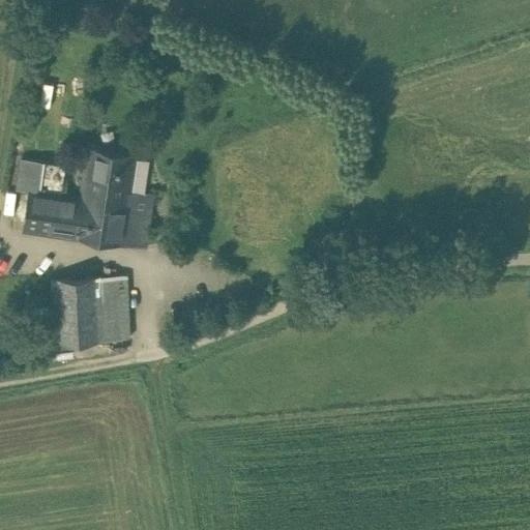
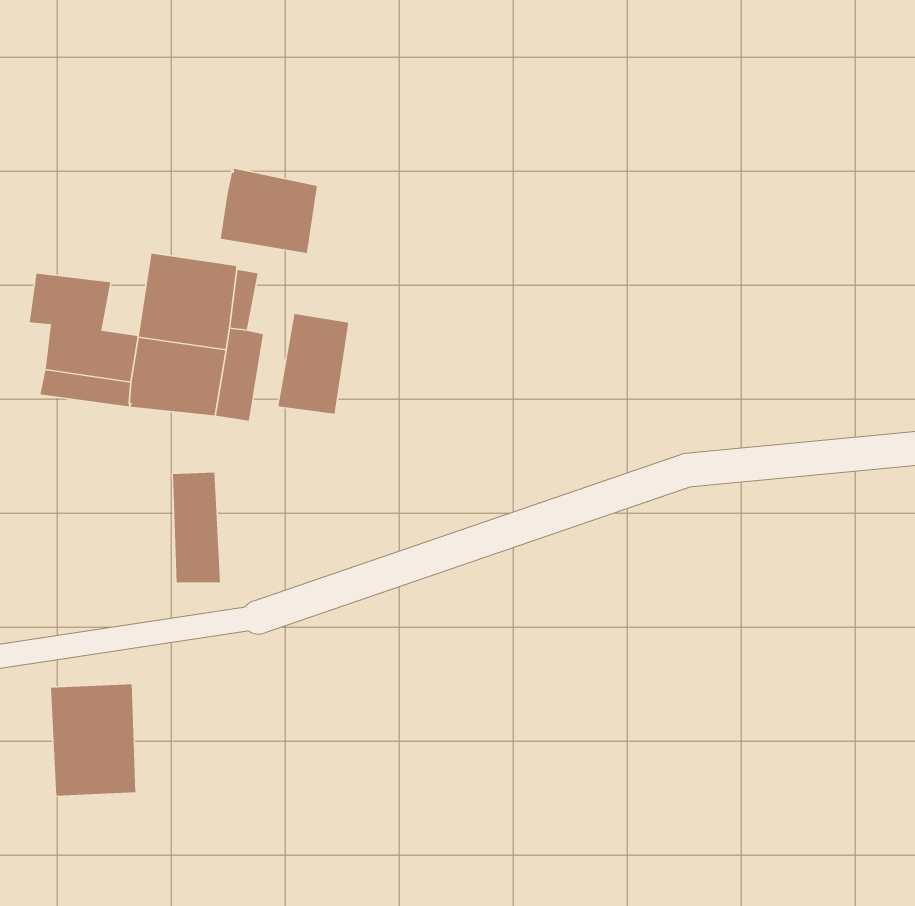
building: none -> [220,168,318,254]
building: none -> [278,313,349,415]
building: [52,279,101,345] -> [50,684,136,797]

